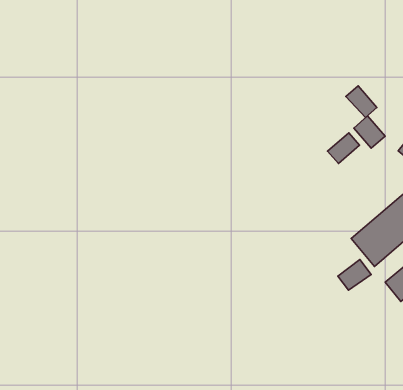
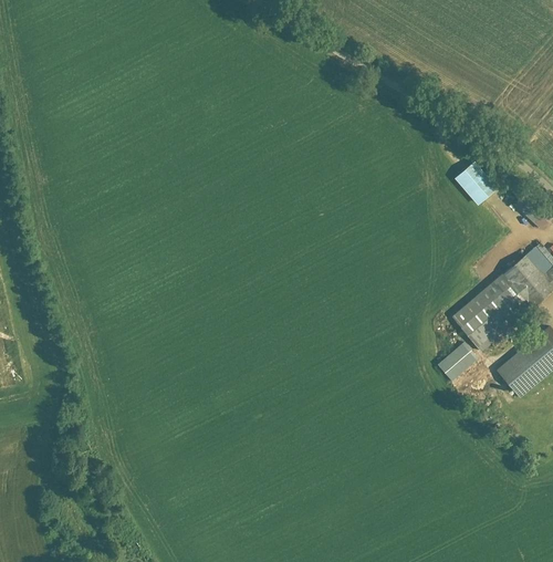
building: [346,86,377,117] -> none
building: [328,133,360,164] -> none

